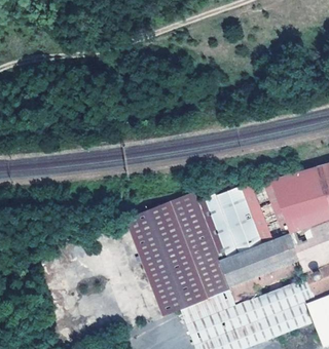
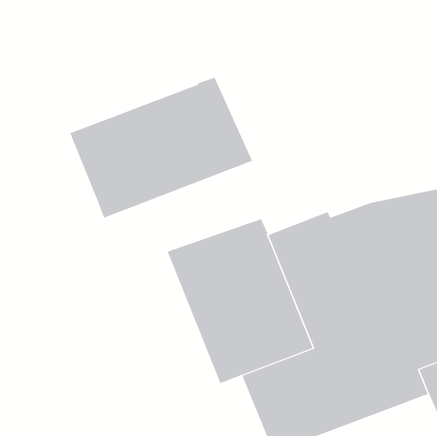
building: none -> [70,77,253,219]

